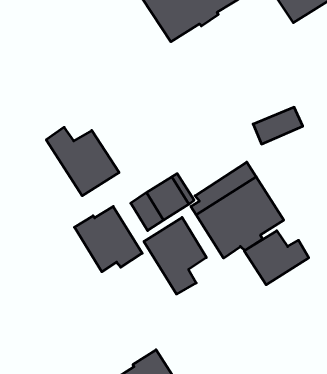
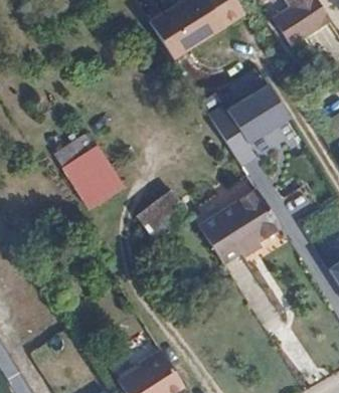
building: none -> [222,80,289,141]
building: [74,206,142,272] -> none
building: [144,217,206,294] -> none
building: [244,231,309,285] -> none

